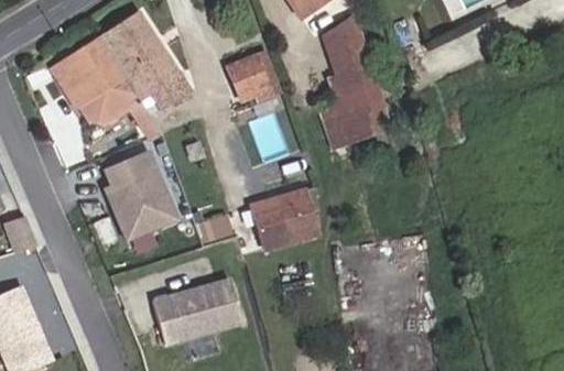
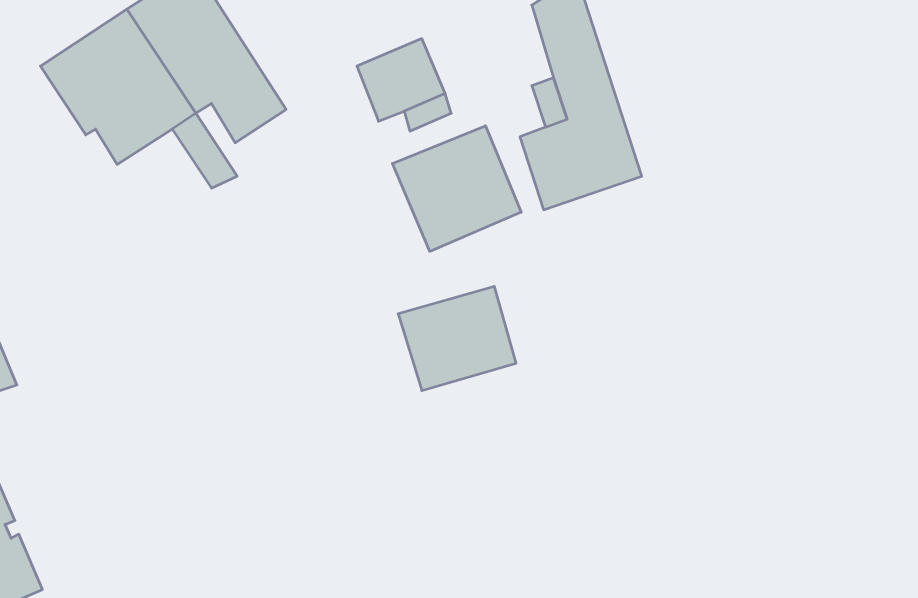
building: none -> [392,126,521,251]
building: [104,149,186,245] -> none
building: [152,279,241,343] -> none

